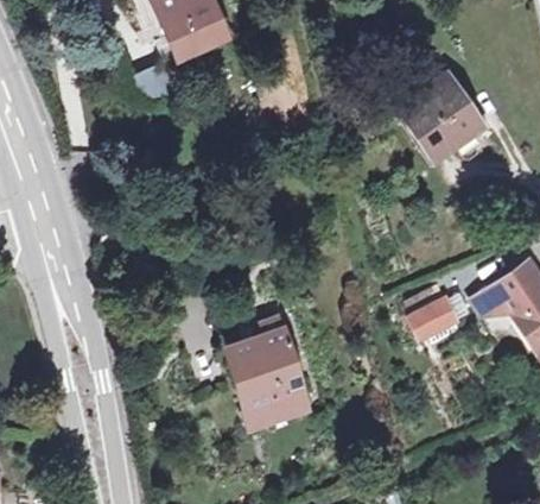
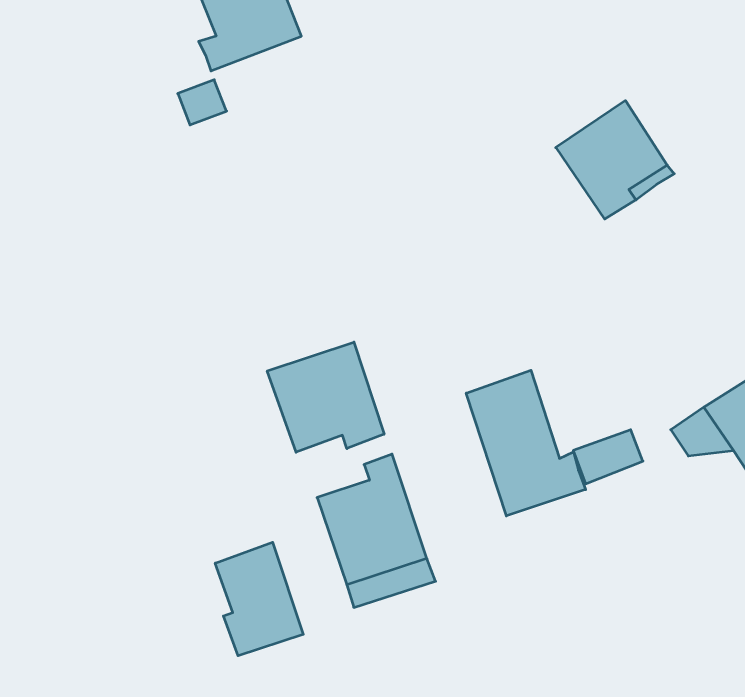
building: none -> [267,342,384,452]
building: none -> [466,370,586,516]
building: none -> [215,542,303,656]

